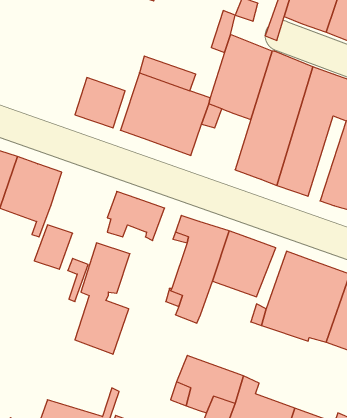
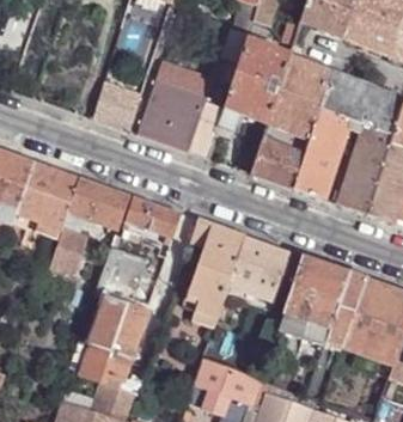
building: none -> [68,176,130,227]
building: none -> [81,343,130,387]

